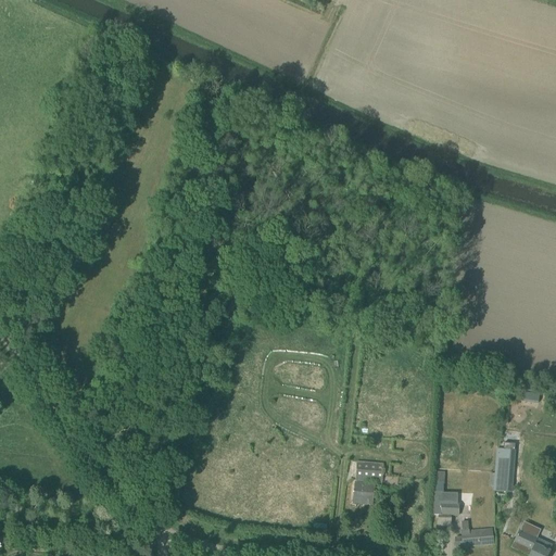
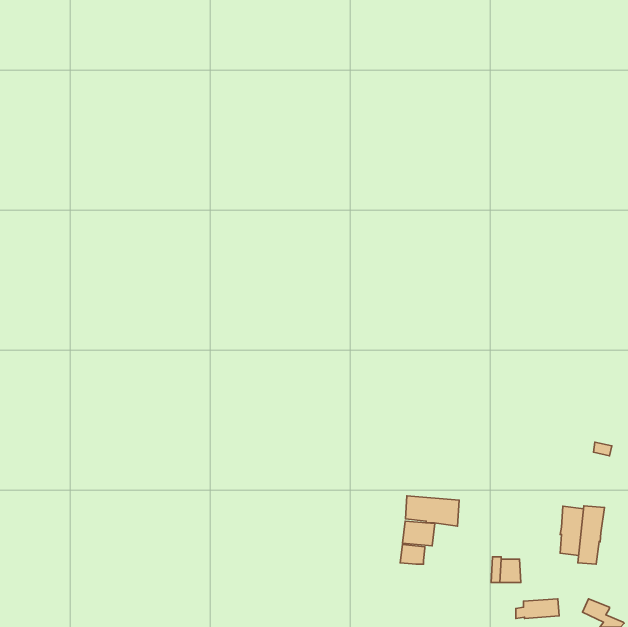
building: none -> [406,496,459,526]
building: none -> [578,506,604,564]

